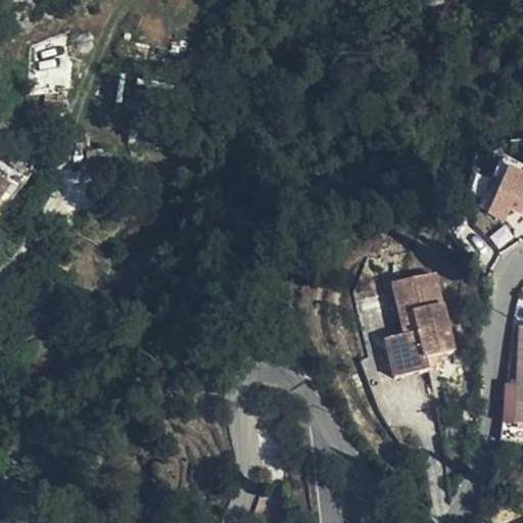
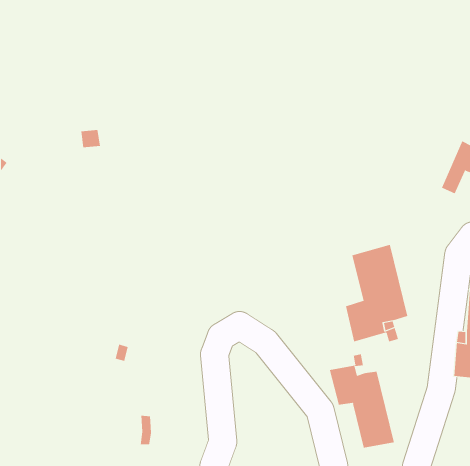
building: none -> [329,354,394,449]

